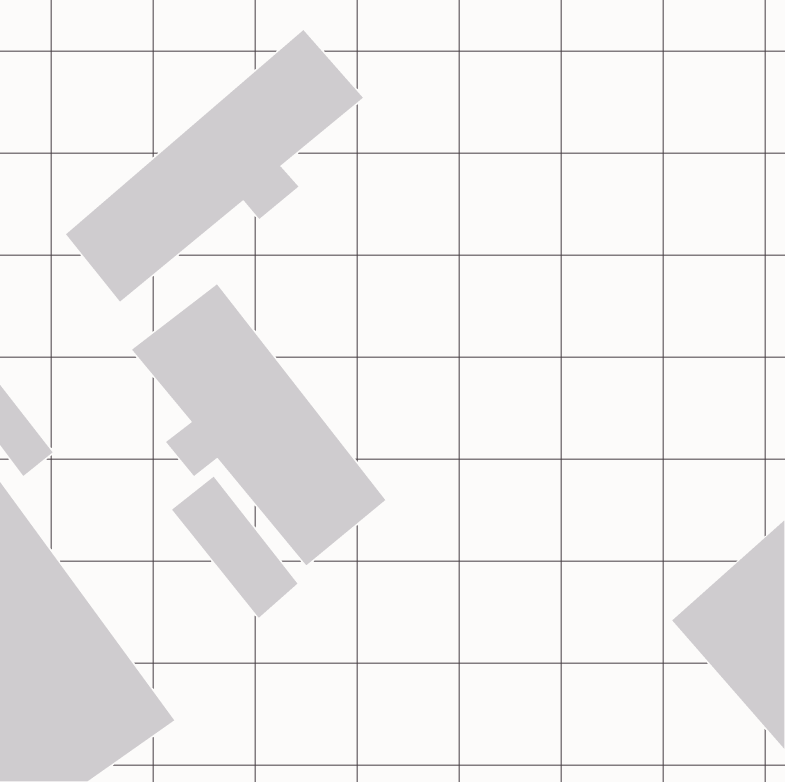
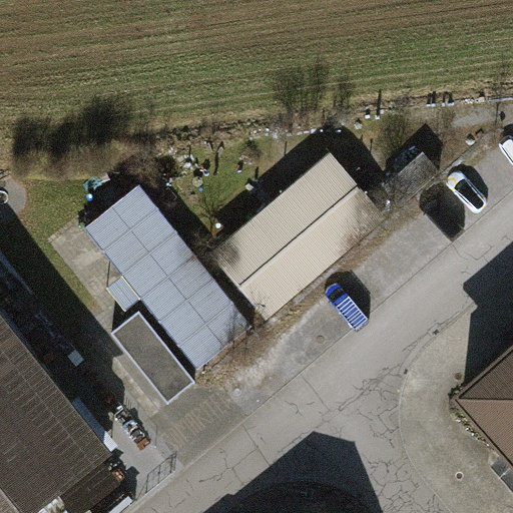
building: [65,29,364,303] -> none
building: none -> [211,149,393,322]

